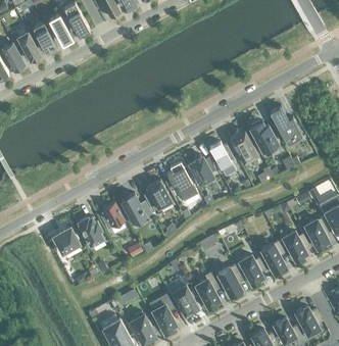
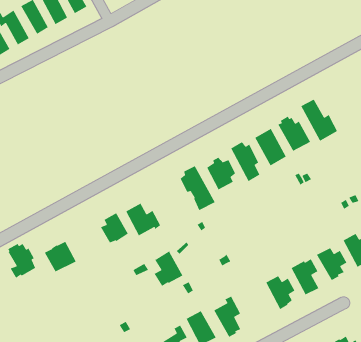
building: [145,180,171,210] -> [153,250,184,287]
building: [78,216,102,247] -> [7,243,36,279]
building: [216,265,243,296] -> none

